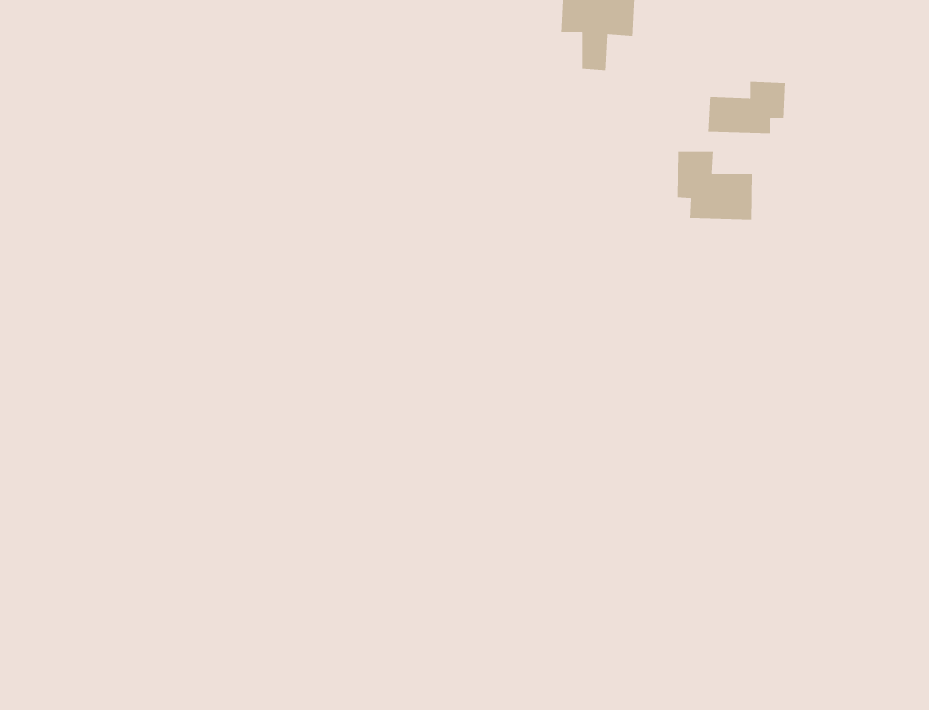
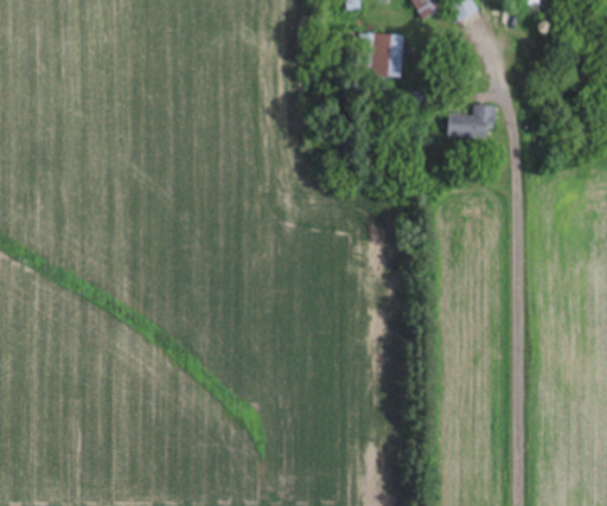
building: [677,151,753,221] -> none

